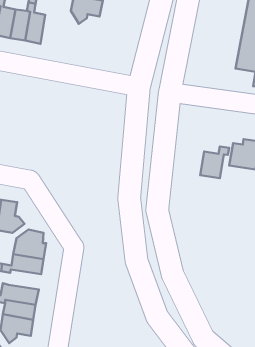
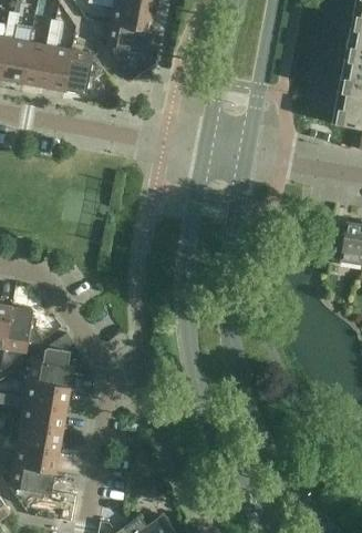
building: none -> [64,51,105,95]
building: [200,146,229,178] -> none
building: none -> [20,403,65,431]

